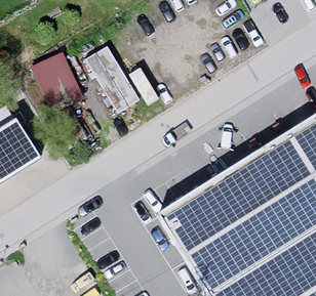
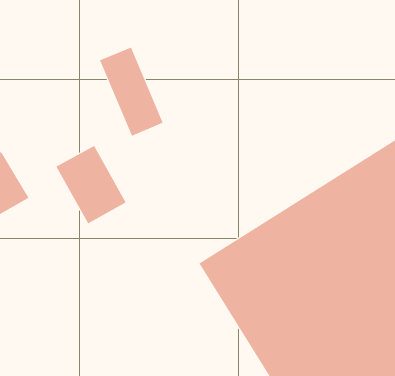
building: [29,53,83,114] -> [56,145,127,224]

